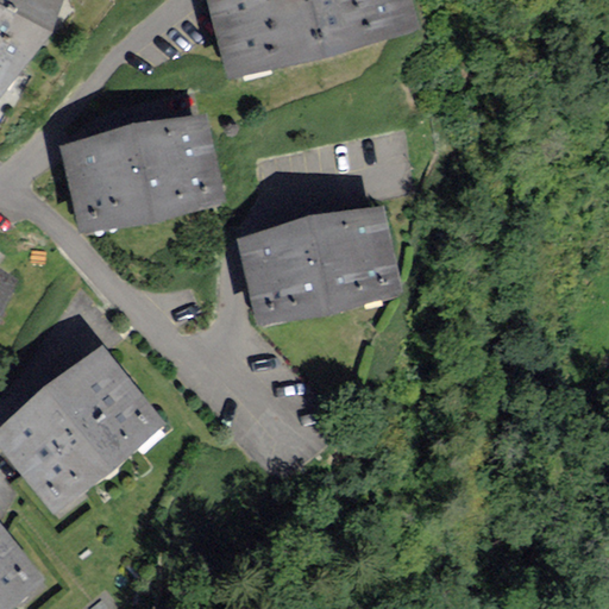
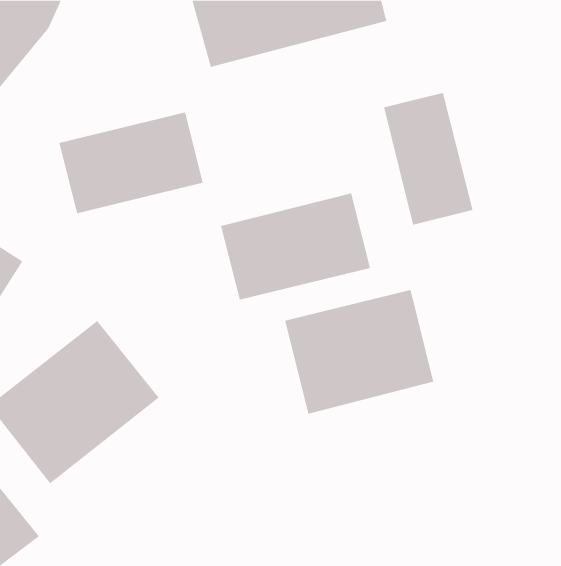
building: none -> [383,92,473,226]
building: none -> [285,289,434,415]

